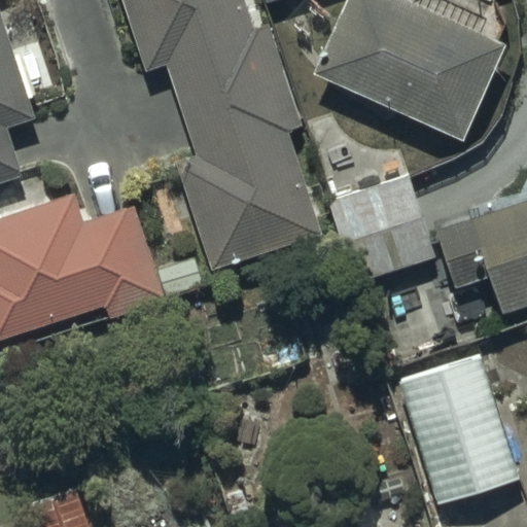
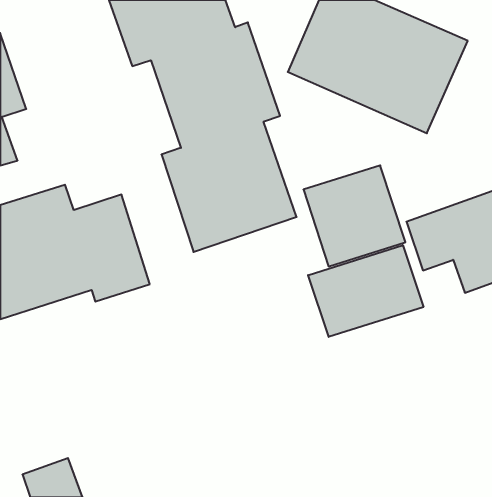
building: none -> [308,245,423,337]
building: [400,356,518,500] -> none

